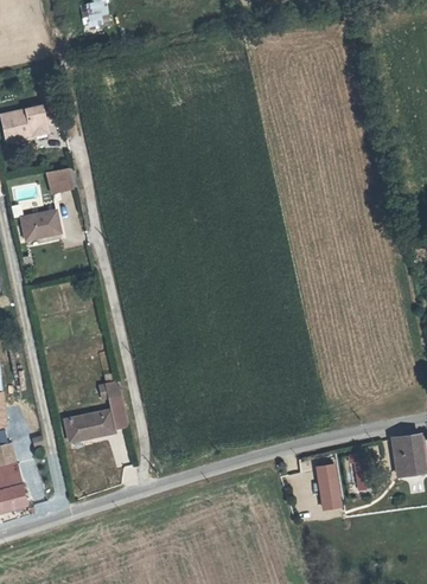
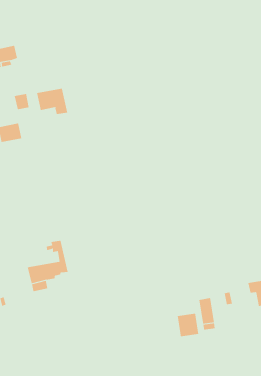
building: none -> [37,88,68,115]
building: none -> [177,313,199,337]

